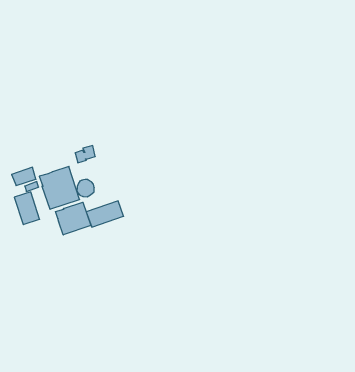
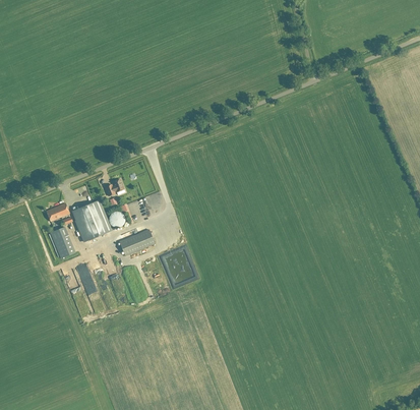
building: [56,202,91,235] -> none

